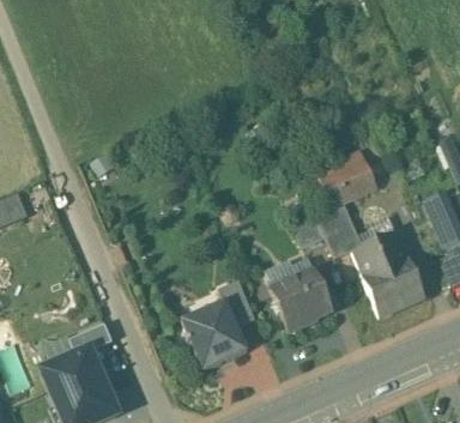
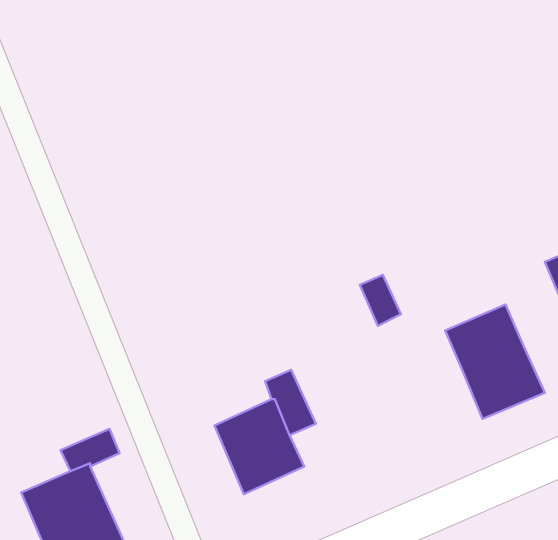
building: [315,149,376,206] -> none
building: [317,207,357,249] -> none
building: [271,270,332,331] -> none

